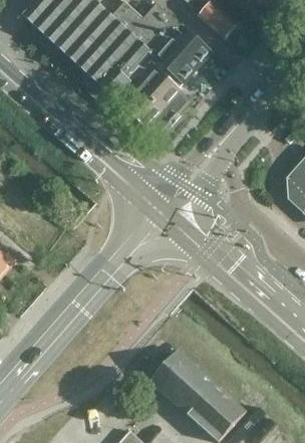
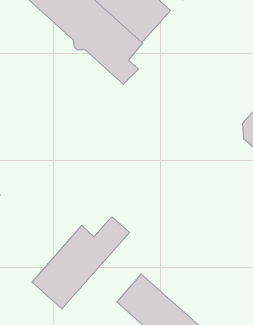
building: none -> [32,217,129,309]

